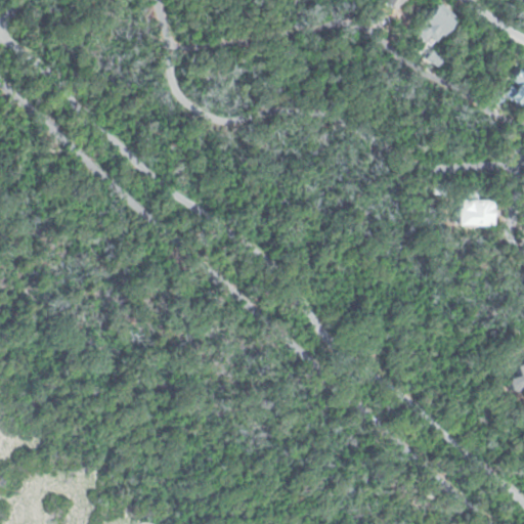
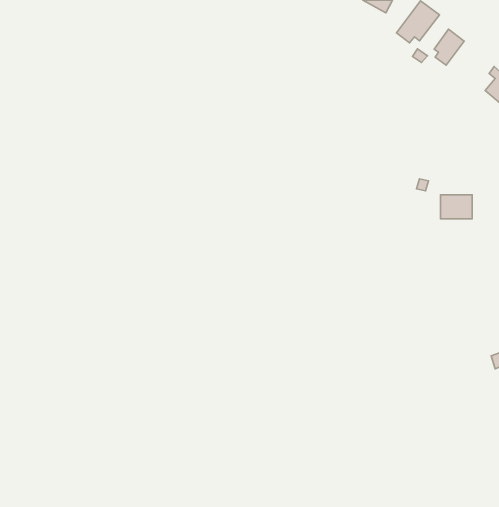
building: none -> [434,29,464,65]

